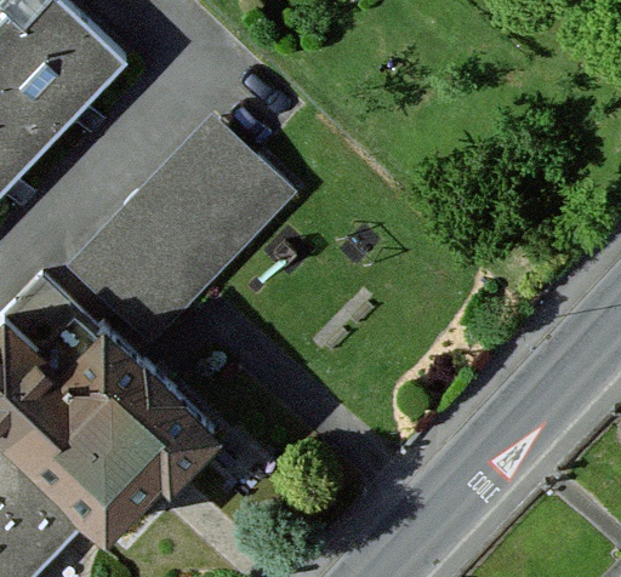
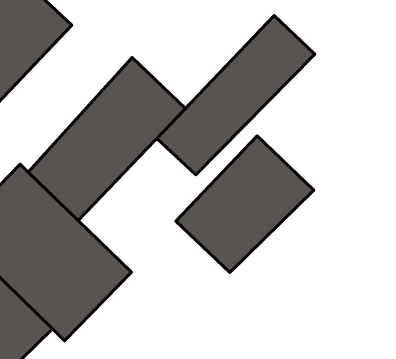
building: none -> [157,15,315,175]
building: none -> [176,136,314,272]

